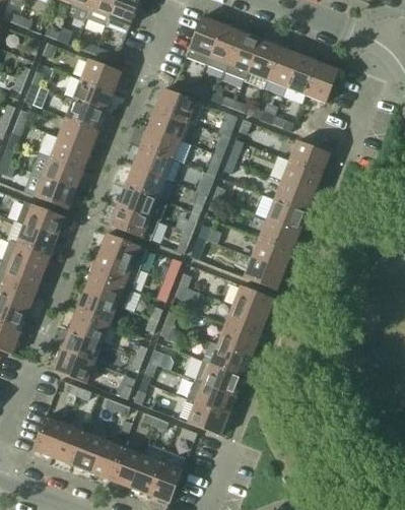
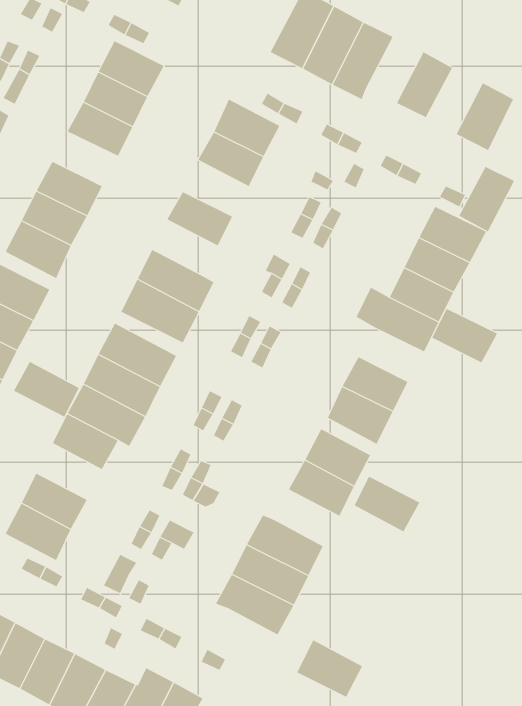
building: [247,39,279,79] -> none
building: [285,54,318,94] -> [458,166,515,232]
building: [58,118,98,149] -> none
building: [140,127,191,164] -> none
building: [125,166,165,198] -> none
building: [259,218,299,250] -> [432,308,498,363]
building: [68,311,109,343] -> [13,361,80,418]
building: [217,324,258,357] -> [354,476,420,532]
building: [187,401,227,435] -> [296,640,363,698]

